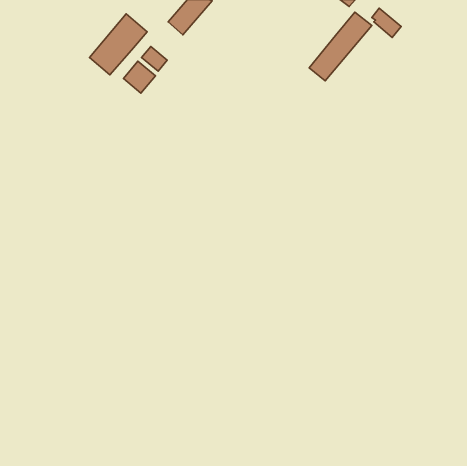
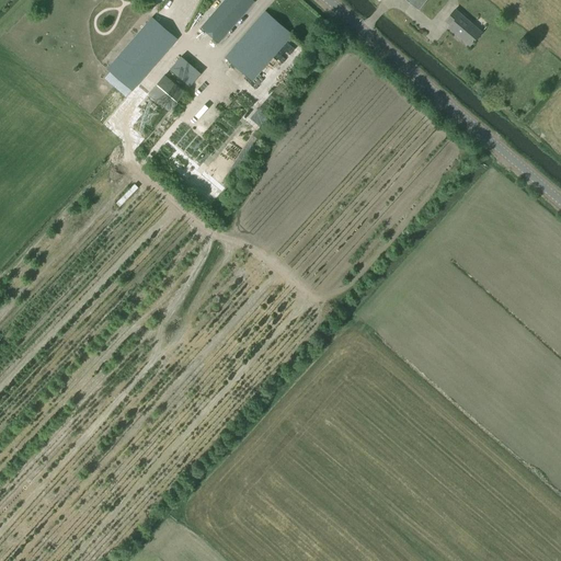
building: none -> [225,11,291,80]
building: [309,12,372,81] -> none

